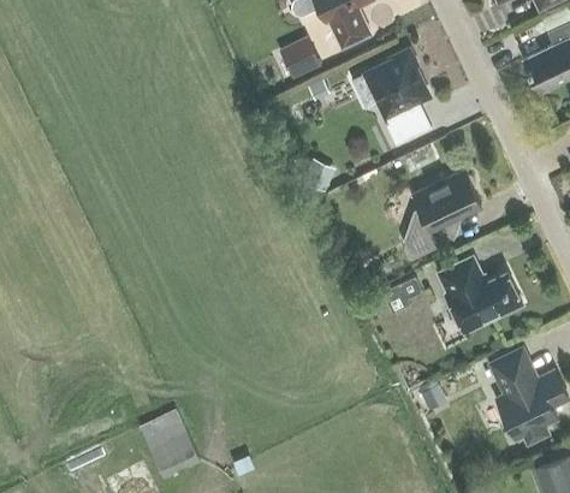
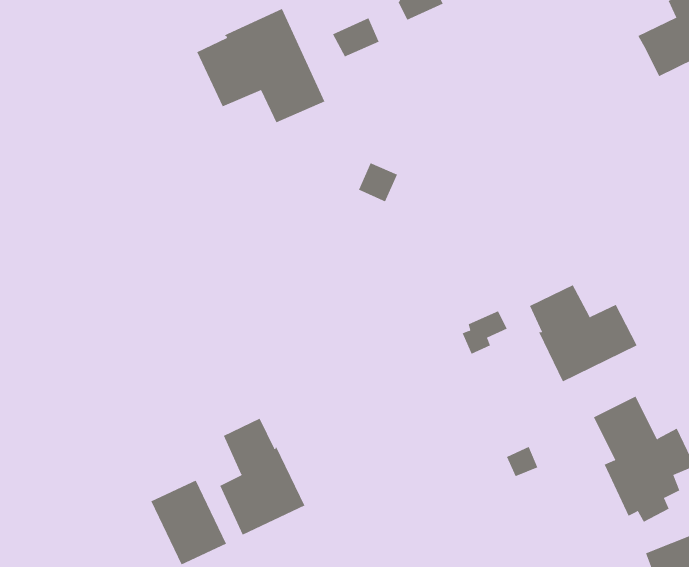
building: none -> [197,8,325,123]
building: [364,49,432,144] -> none
building: [403,170,481,260] -> none
building: none -> [220,418,305,536]

